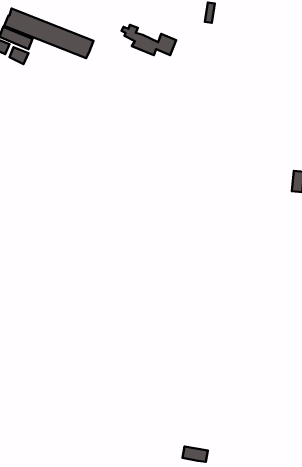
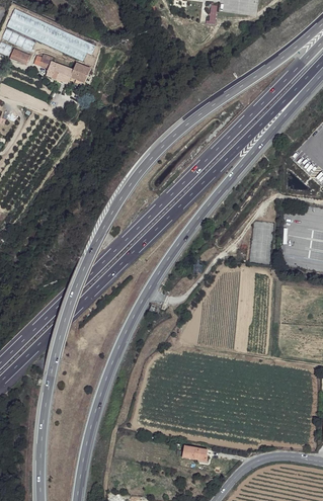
building: [122,25,176,55] -> [33,54,88,84]

